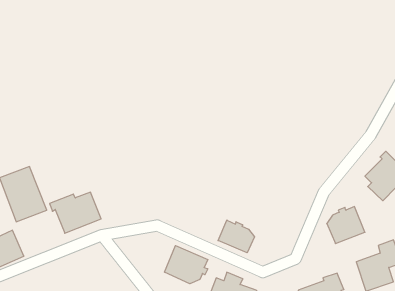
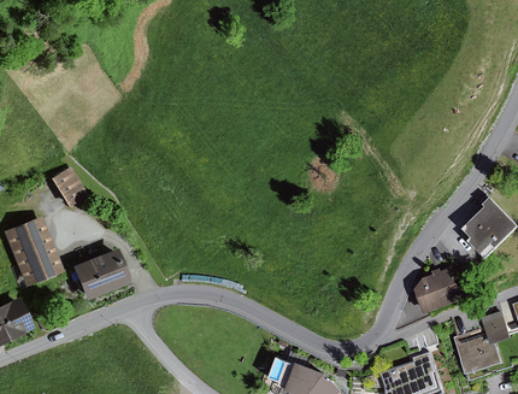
building: none -> [48,166,87,207]
building: [218,220,254,253] -> none
building: [165,246,208,284] -> none

